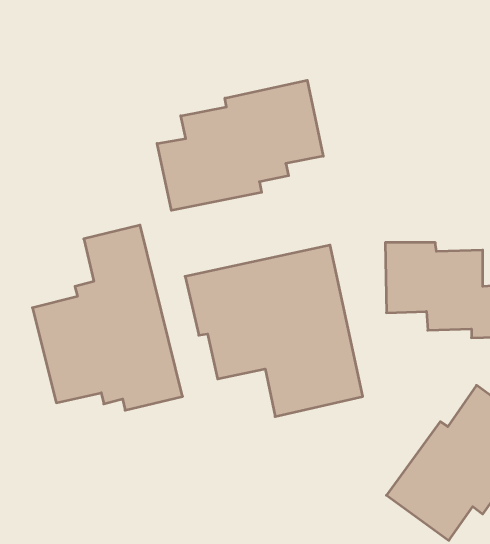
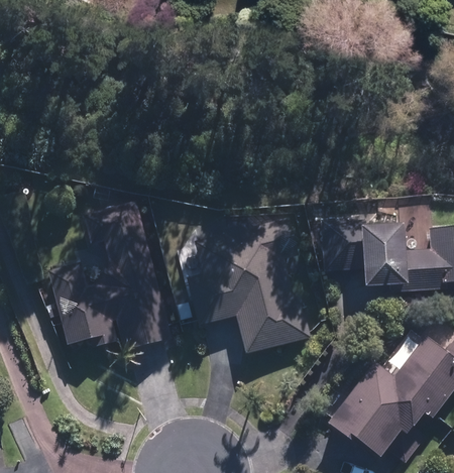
building: [157,80,323,210] -> none

